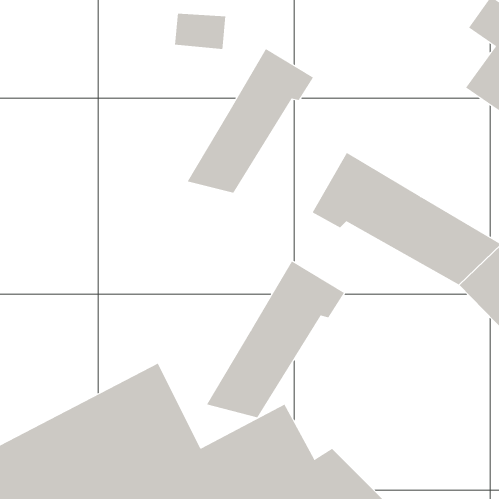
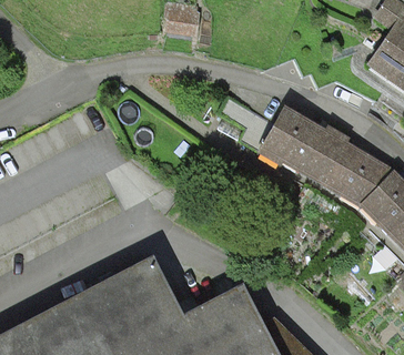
building: [187,48,314,194] -> none
building: [206,260,345,418] -> none

